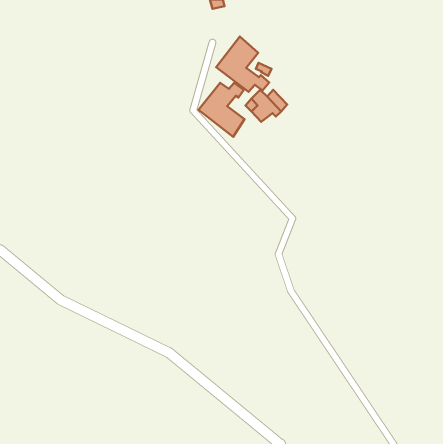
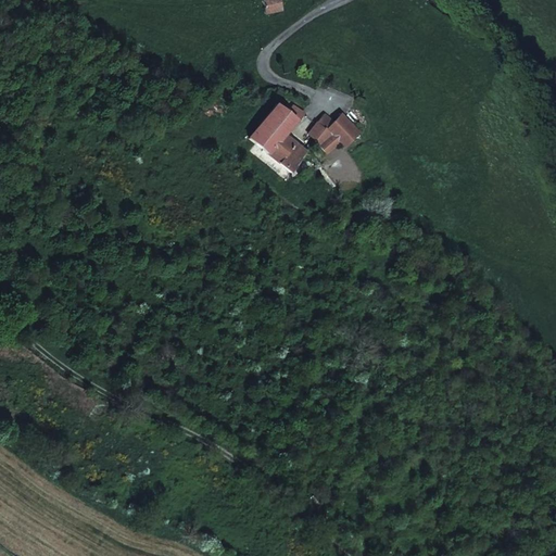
building: [216,37,269,92] -> none

